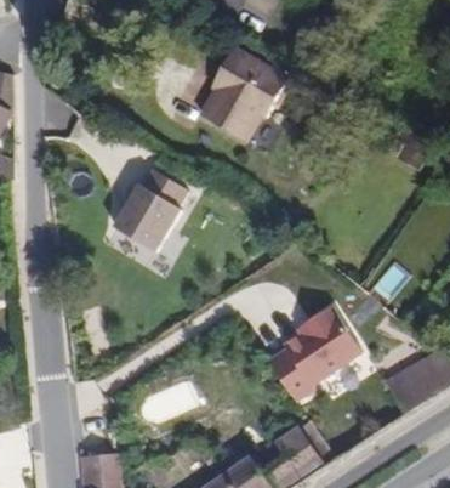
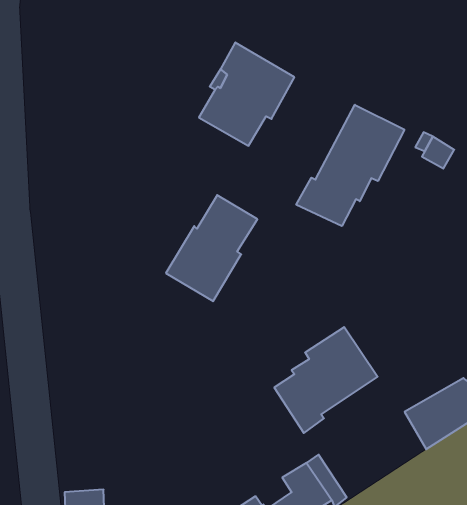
building: none -> [296,105,404,226]
building: [114,155,196,251] -> [166,195,257,301]

